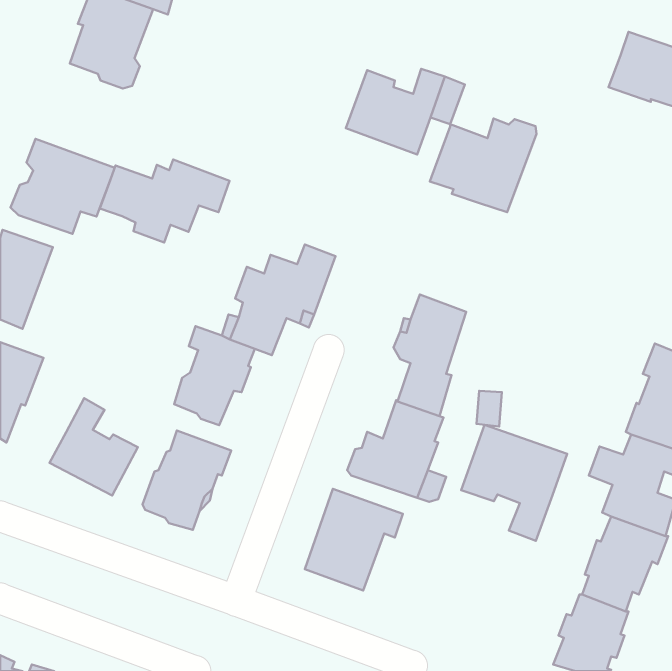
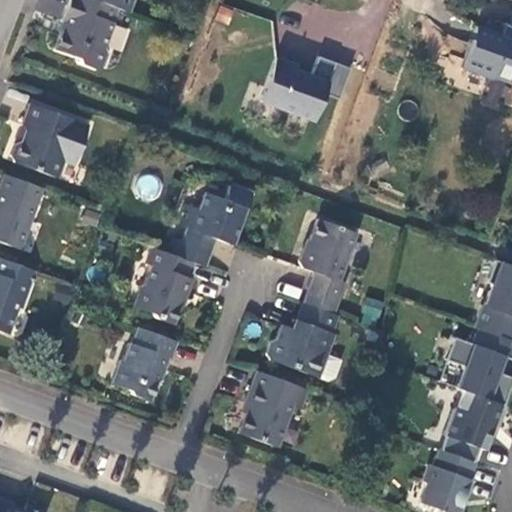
building: [430,119,536,212] -> none
building: [100,160,229,242] -> none
building: [50,398,138,495] -> none
building: [461,425,567,541] -> none

